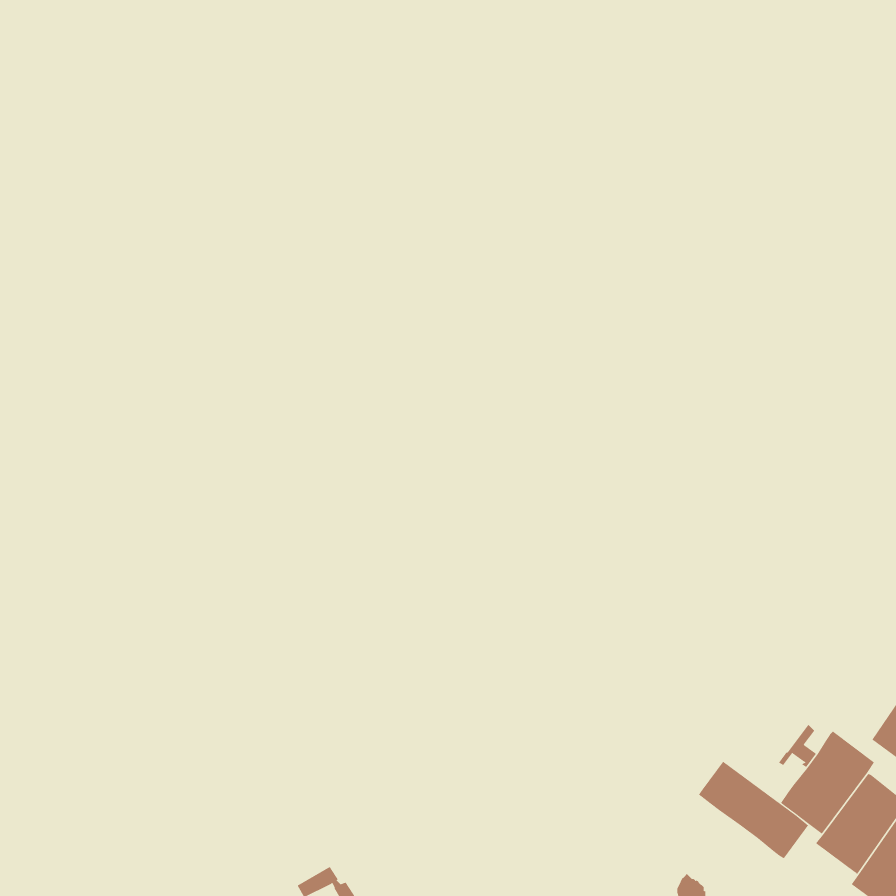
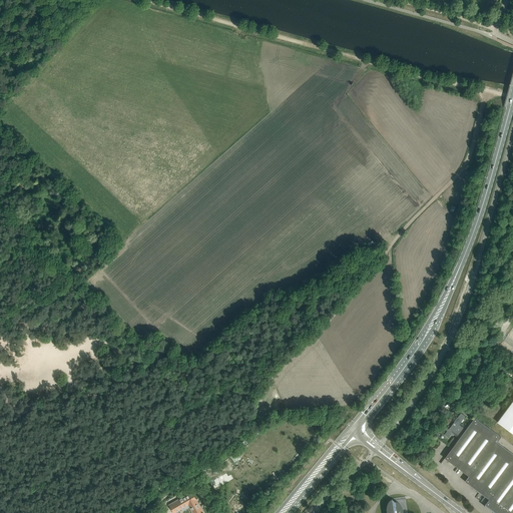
building: [698,761,809,859] -> none

